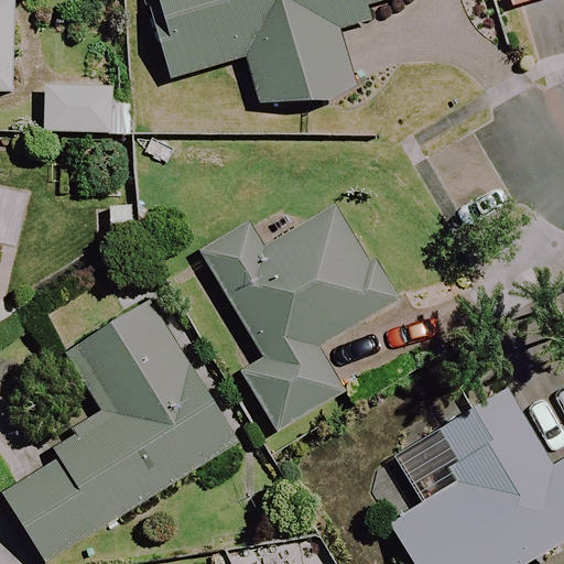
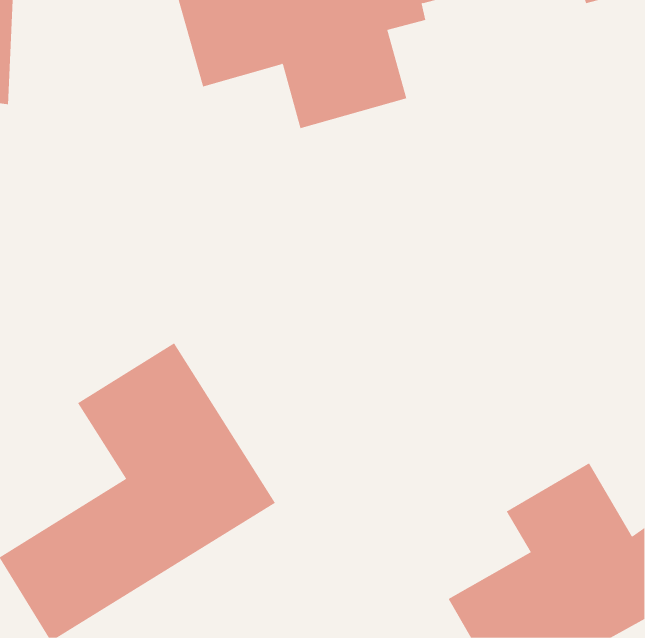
building: [45,85,131,133] -> none
building: [203,203,389,431] -> none

